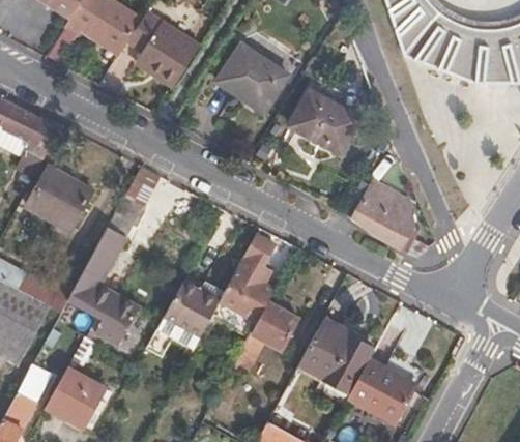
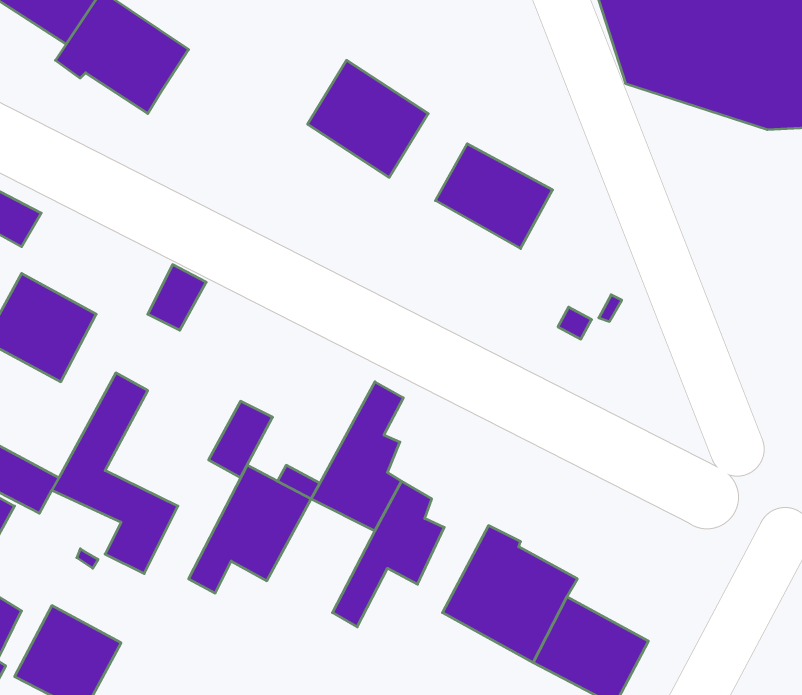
building: [133,28,204,104] -> none
building: [106,191,143,236] -> [209,401,273,478]
building: [368,200,409,252] -> none

